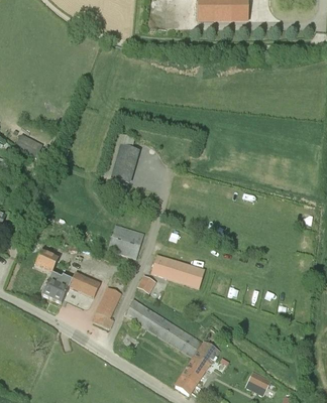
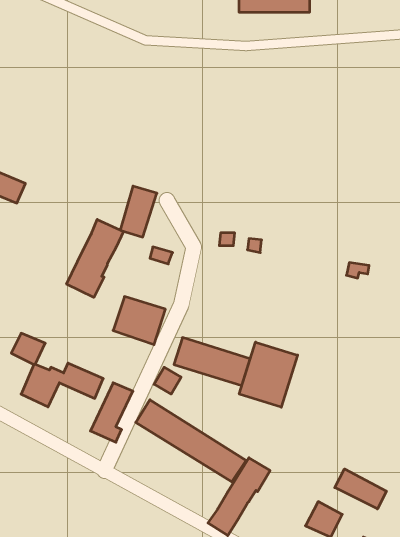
building: none -> [67,219,123,297]
building: none -> [239,342,298,407]
building: none -> [335,469,386,509]

